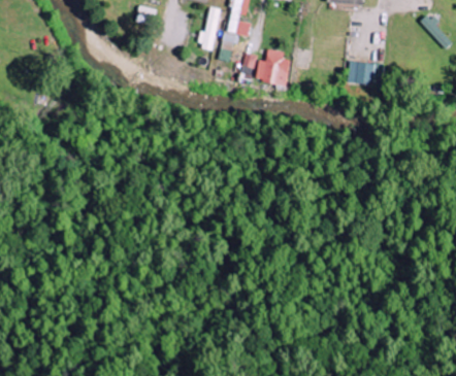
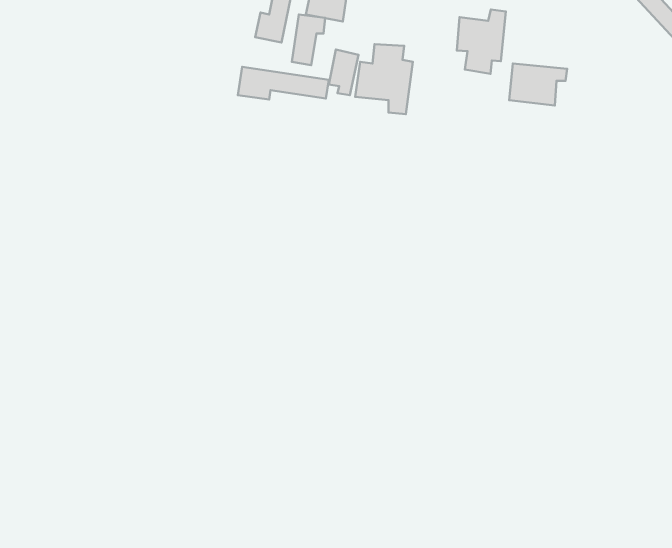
building: none -> [457,9,506,74]
building: none -> [238,67,329,100]

